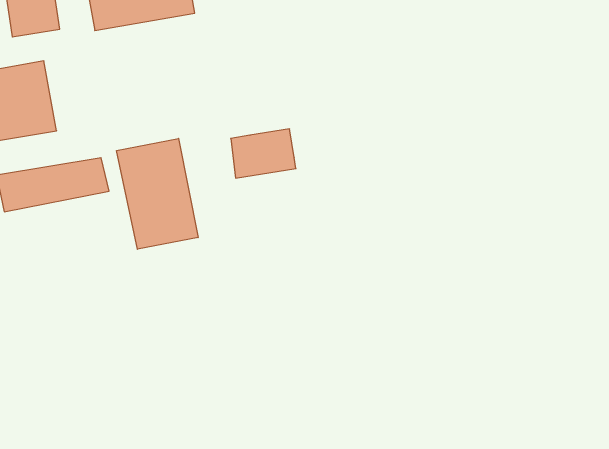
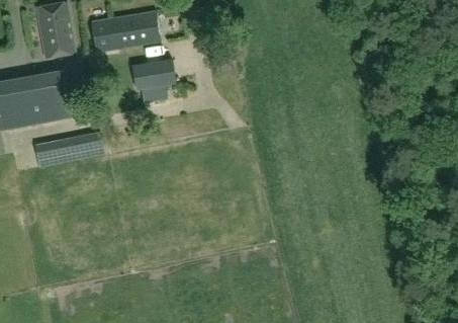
building: [231,129,296,178] -> [134,57,176,88]
building: [117,138,198,249] -> none

